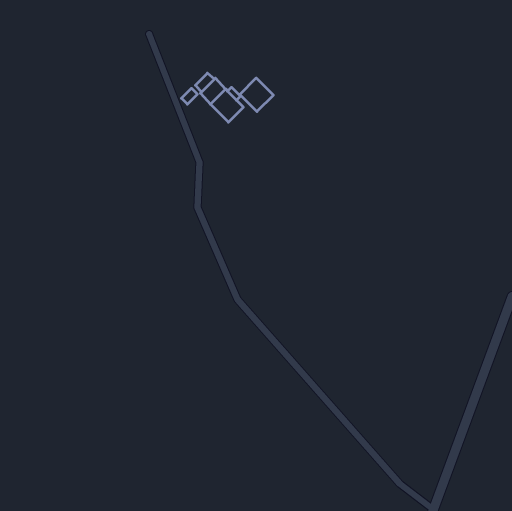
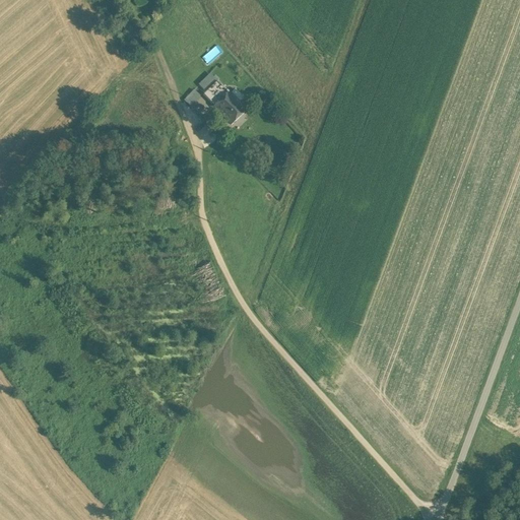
building: [240,78,273,112] -> none

